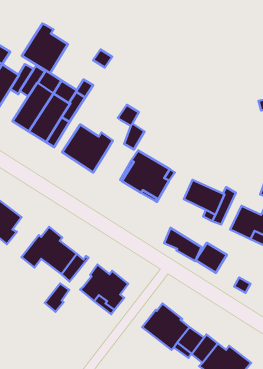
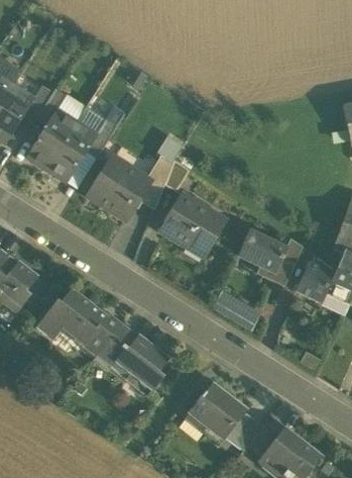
building: [22,24,68,73] -> none
building: none -> [141,155,172,205]
building: [196,243,227,273] -> none
building: [45,283,69,312] -> [101,325,131,361]

